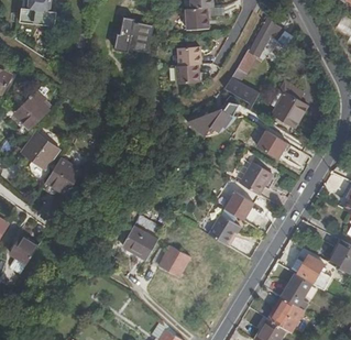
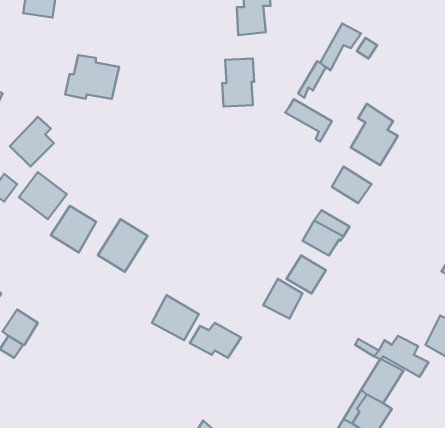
building: [113,17,154,50] -> [65,55,119,99]
building: [189,100,240,135] -> none
building: none -> [98,219,148,272]

